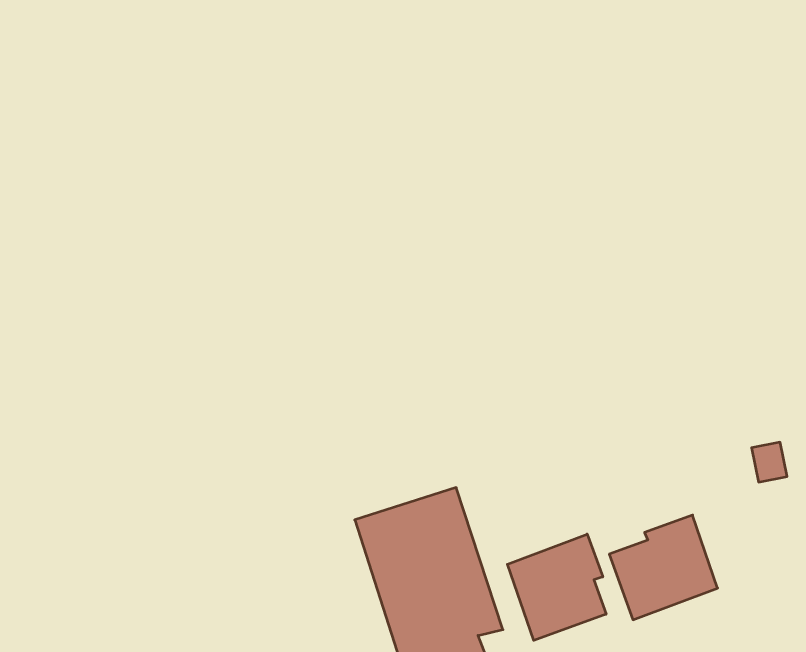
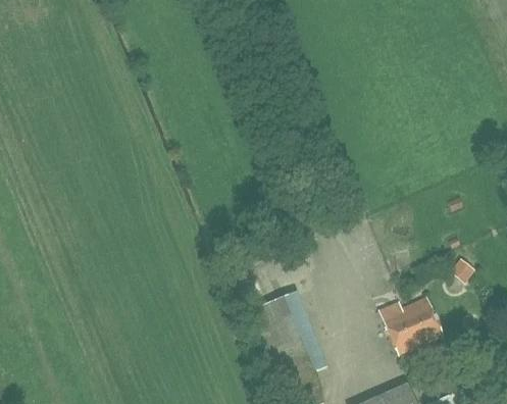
building: [507,534,606,640] -> none

